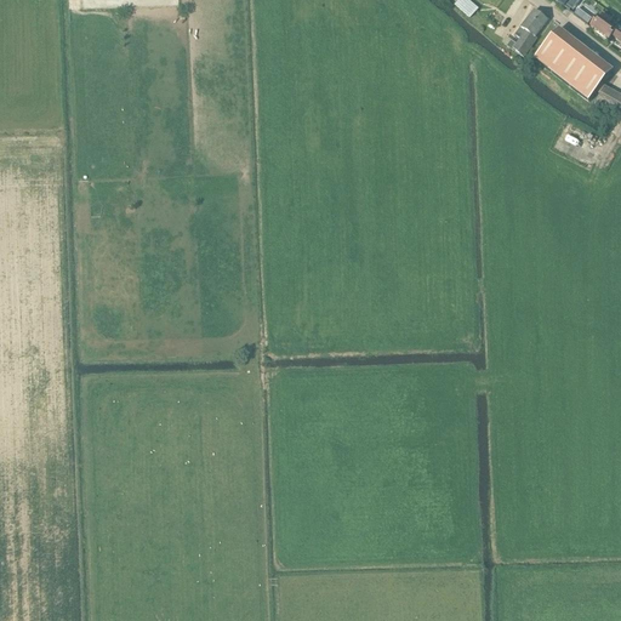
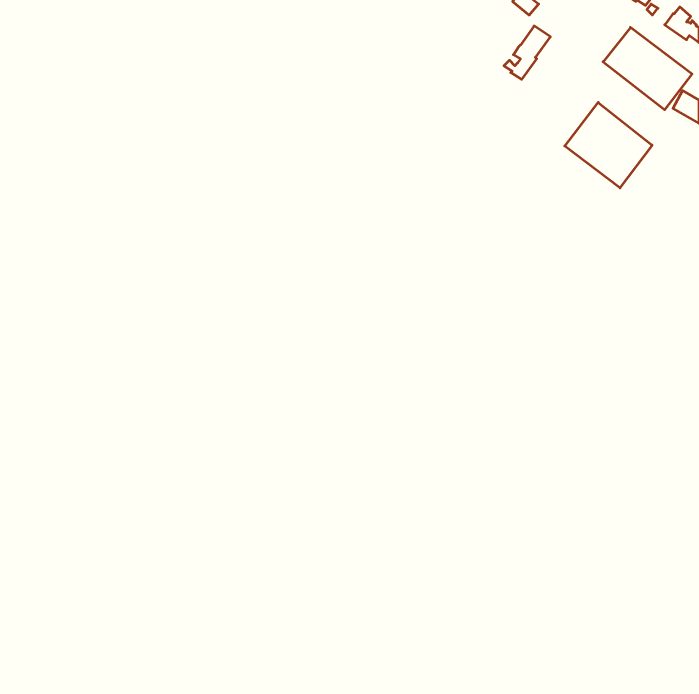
building: [506,5,547,52] -> [504,26,550,79]
building: none -> [565,102,652,188]

